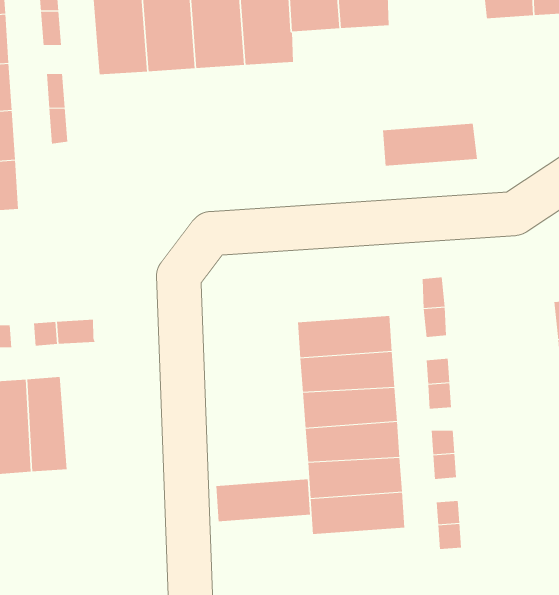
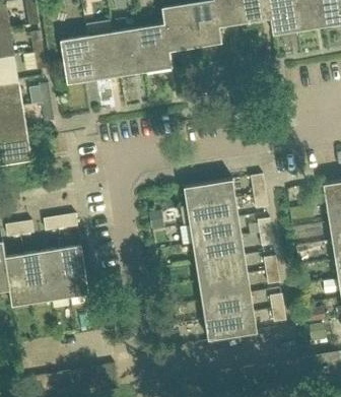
building: [382,123,478,166] -> [183,180,235,207]
building: none -> [61,245,88,297]
building: [216,479,311,522] -> [204,313,257,340]

